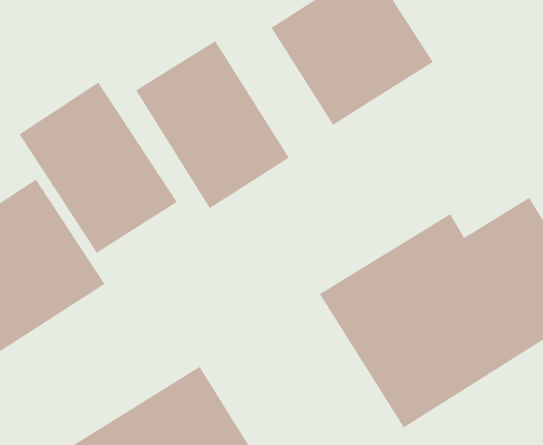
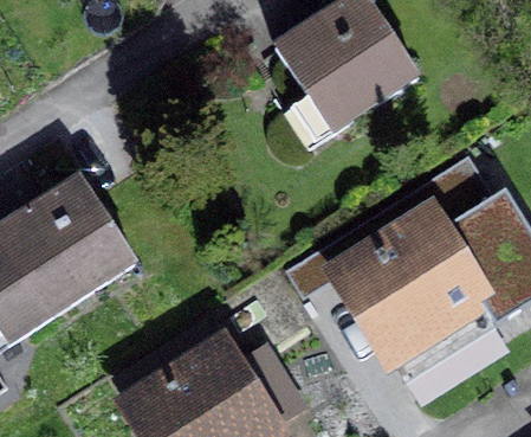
building: [135,40,290,209] -> none
building: [18,81,178,254] -> none

